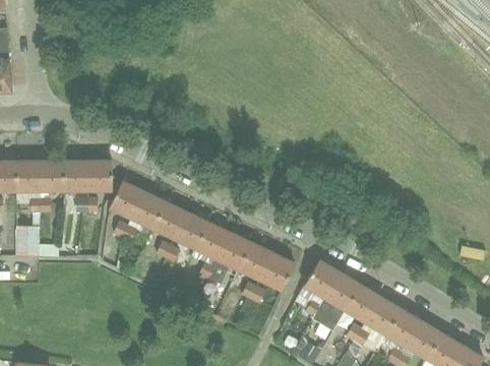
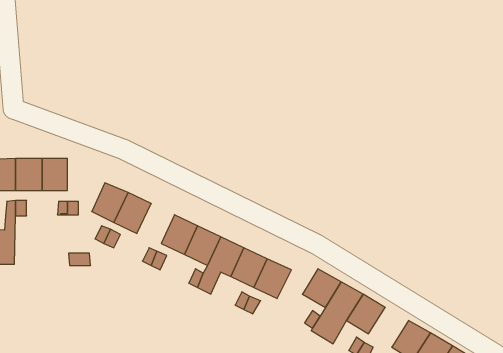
building: [87,160,112,189] -> none
building: [151,201,186,238] -> none
building: [365,297,402,333] -> none

